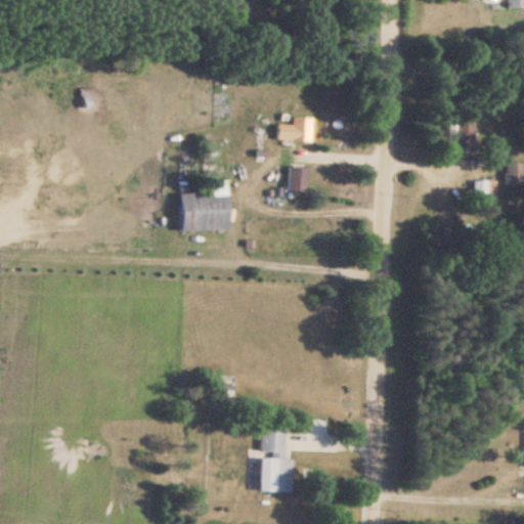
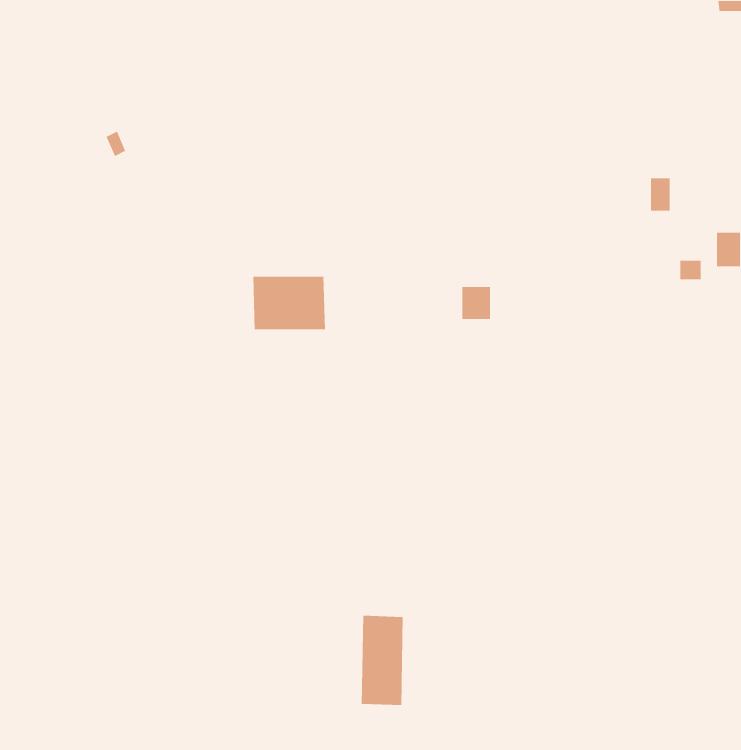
building: [281,117,314,141] -> none
building: [291,167,311,190] -> [461,286,491,320]

